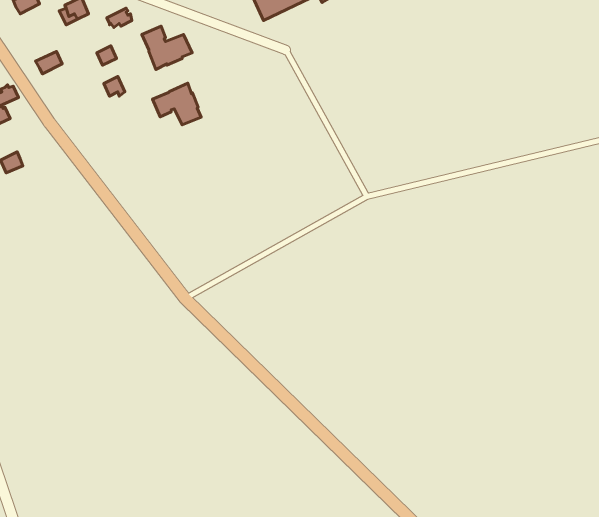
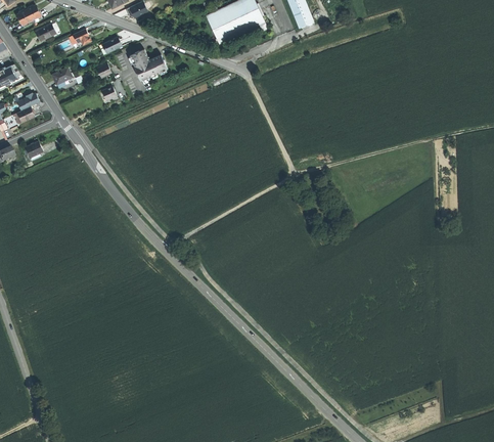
building: [152,83,201,125] -> none

